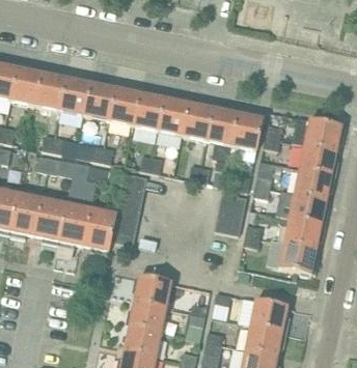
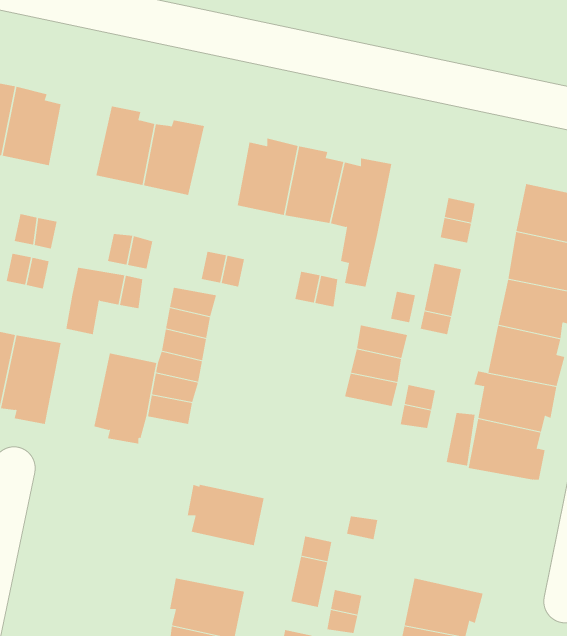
building: [60,76,92,115] -> none
building: [133,89,164,131] -> none
building: [231,109,263,150] -> none
building: [58,202,91,249] -> none
building: [250,300,290,333] -> none
building: [126,301,167,332] -> none

